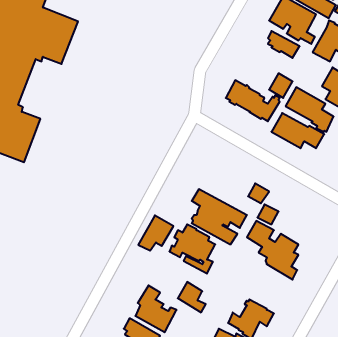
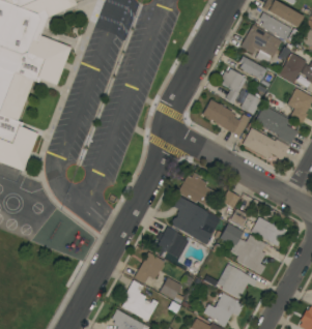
building: none -> [221,68,247,103]
building: none -> [177,173,216,209]
building: none -> [252,217,287,246]
building: [138,215,173,251] -> [134,252,165,283]
building: none -> [203,264,258,299]

